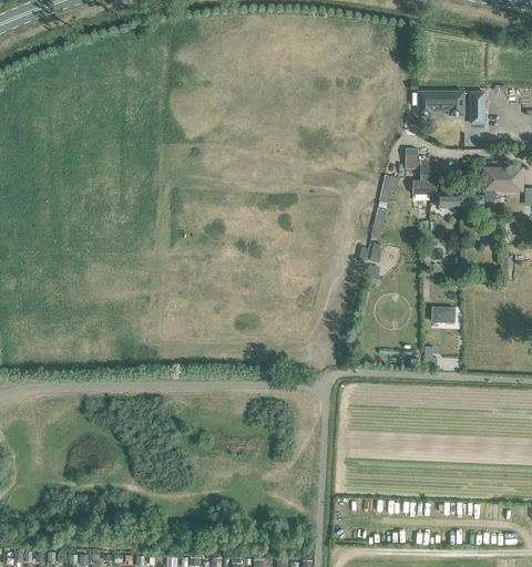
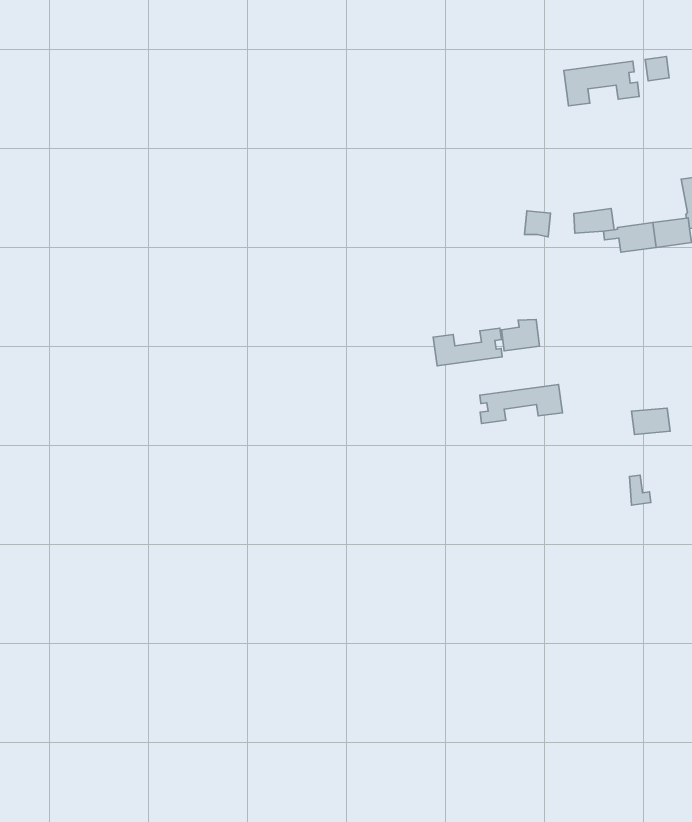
building: [405,148,439,181] -> none
building: none -> [433,328,502,366]
building: none -> [480,384,562,424]

